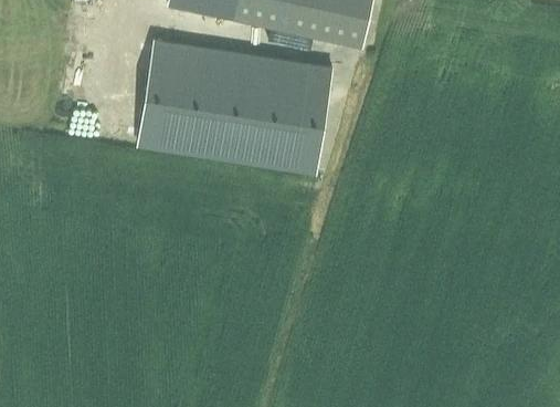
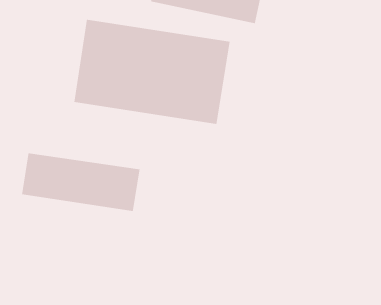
building: none -> [22,153,140,212]

